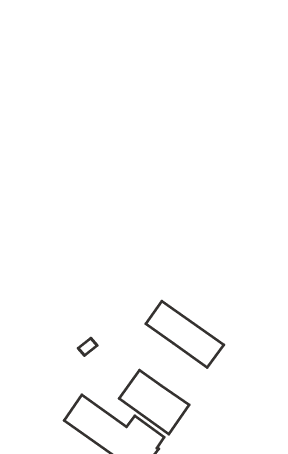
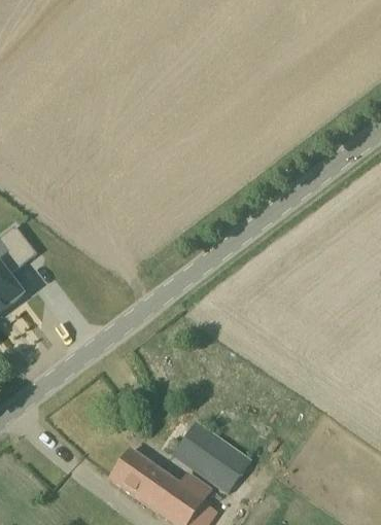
building: [146,301,224,367] -> none

